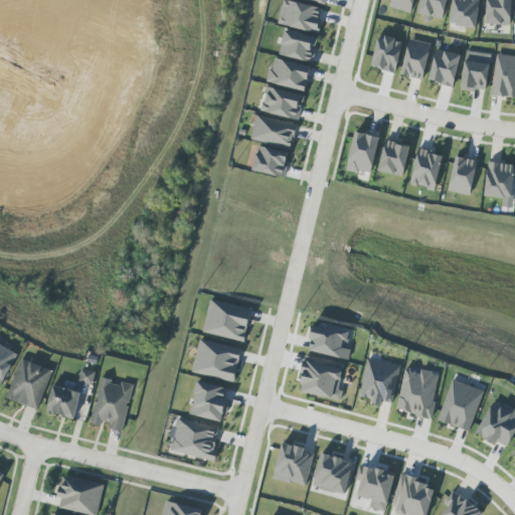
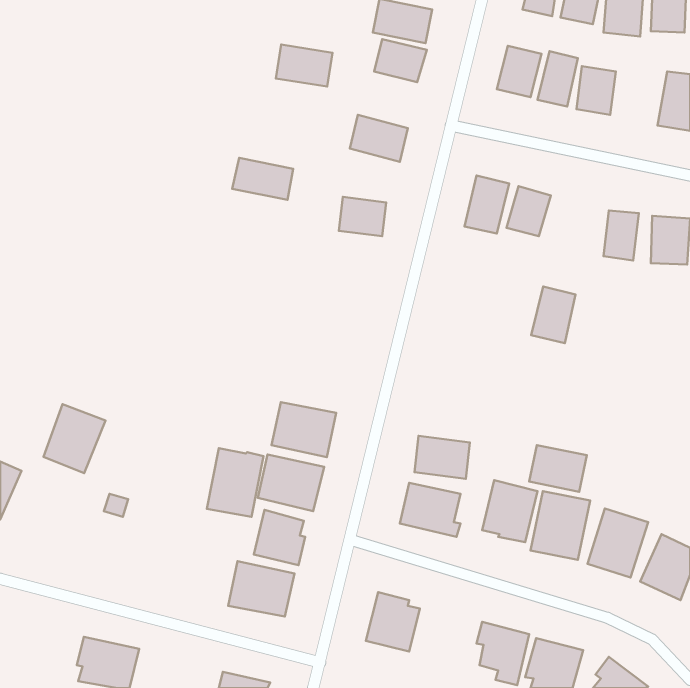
building: [461,50,490,92] -> none
building: [268,58,310,90] -> [276,45,333,86]
building: [250,116,296,147] -> [232,158,293,200]
building: [409,148,443,190] -> [531,287,576,343]
building: none -> [529,445,587,492]
building: [6,358,52,409] -> [44,404,106,473]
building: [91,378,133,430] -> [207,448,264,517]
building: [45,384,82,418] -> none
building: [312,453,354,495] -> none

